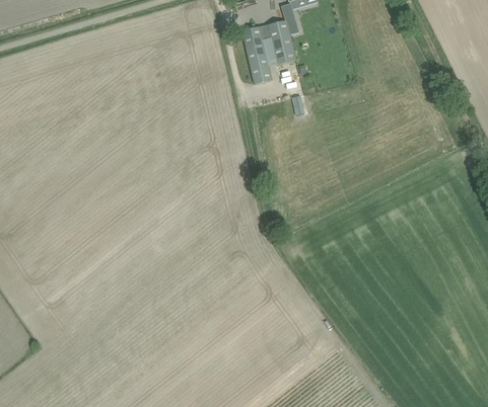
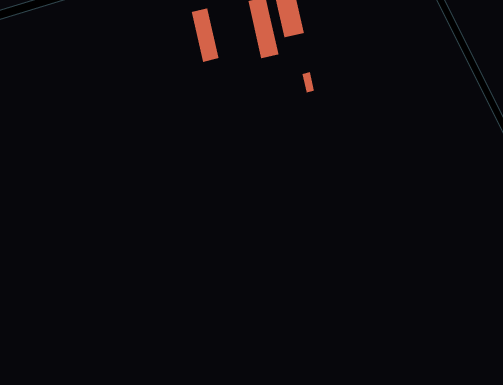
building: none -> [191,7,219,63]

